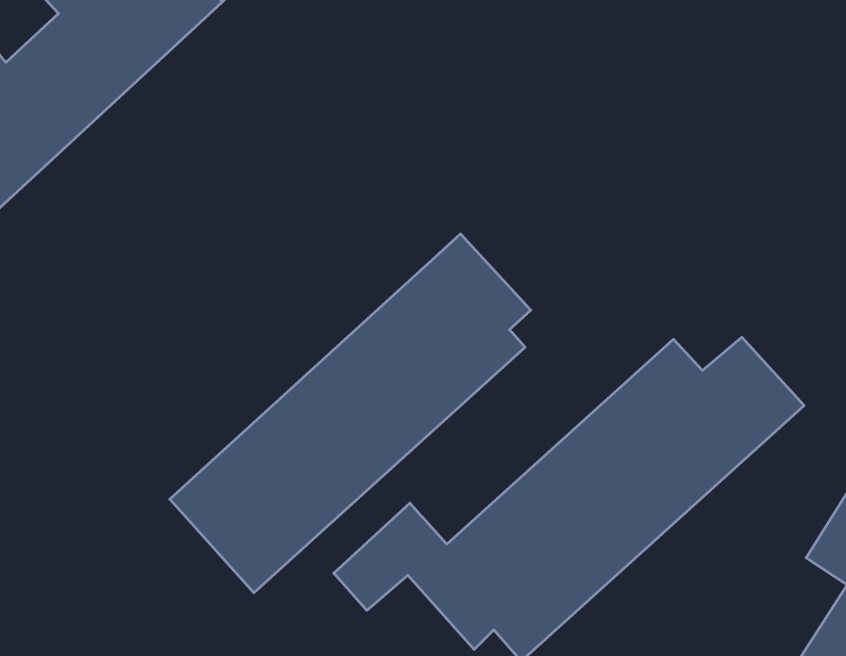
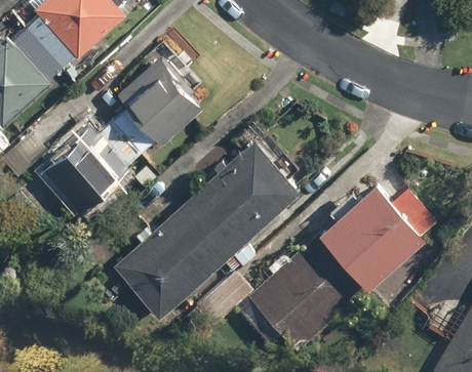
building: none -> [44,50,221,218]

